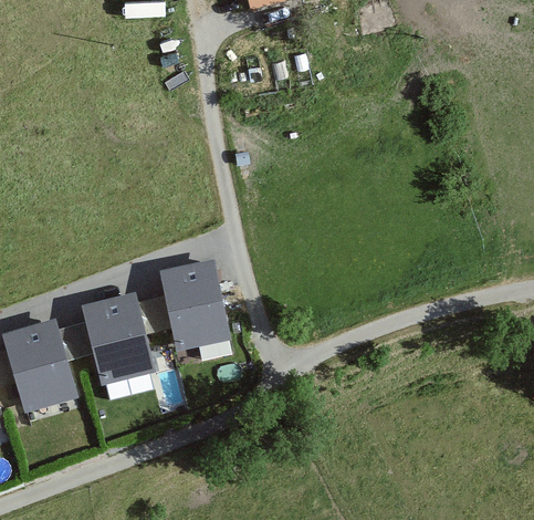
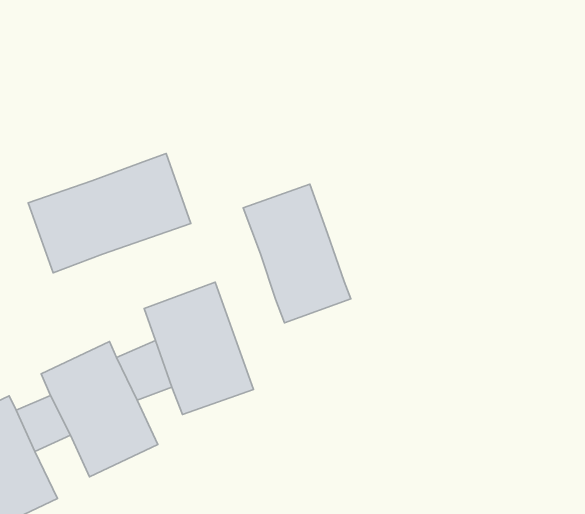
building: none -> [28,154,191,273]
building: none -> [243,184,351,323]

